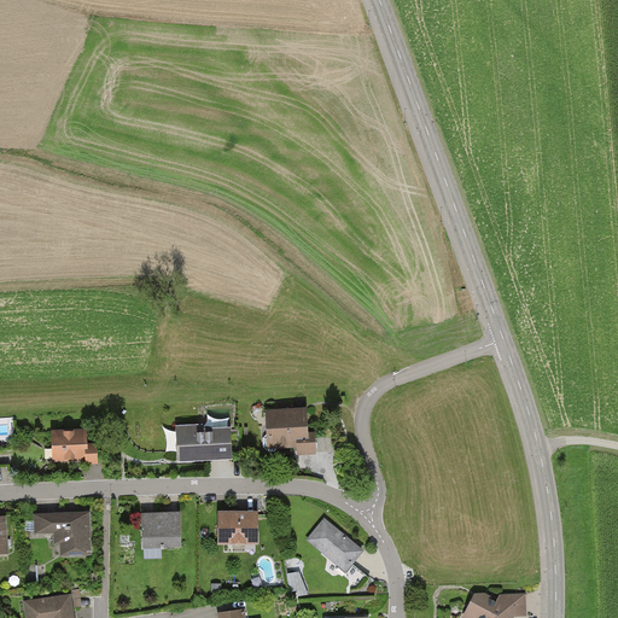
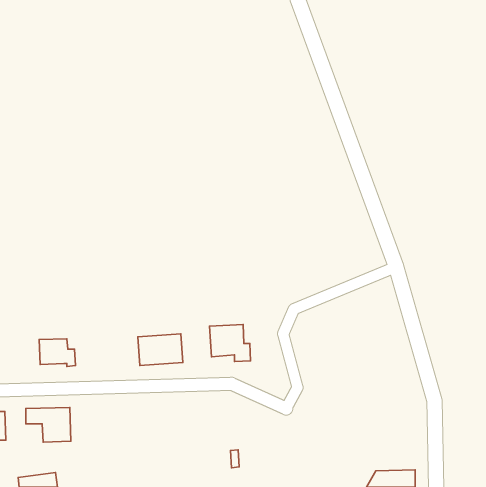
building: [216,508,255,544] -> none
building: [140,512,181,550] -> none
building: [304,519,363,575] -> none

